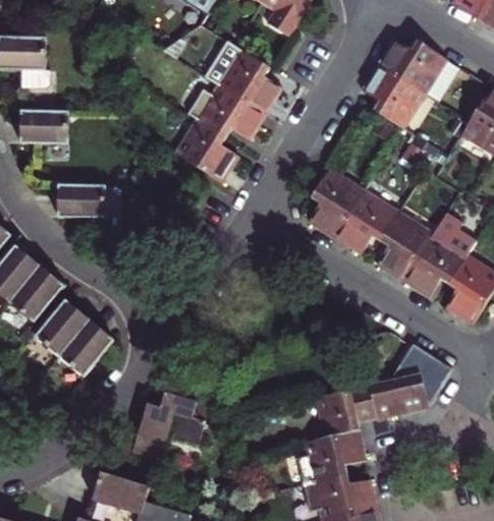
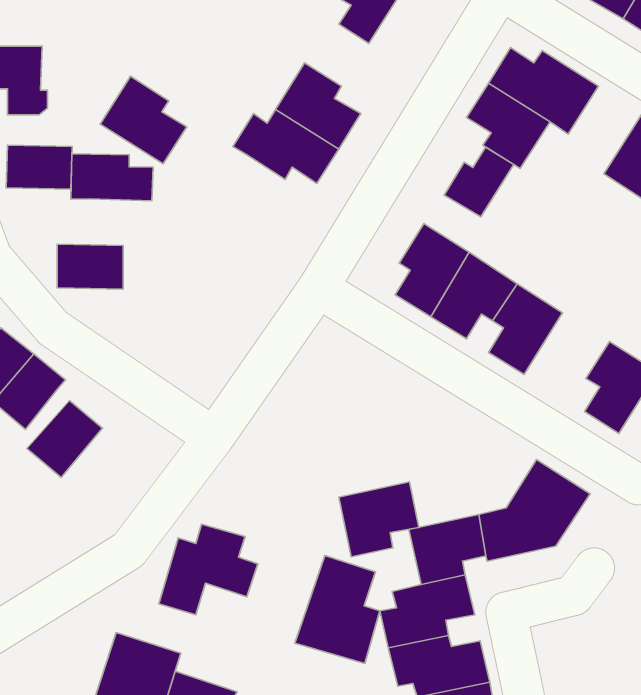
building: none -> [444,147,514,217]
building: none -> [71,154,153,201]
building: [175,117,239,182] -> [100,76,187,164]
building: [403,223,475,296] -> none
building: [60,320,114,375] -> none
building: none -> [339,482,419,557]
building: none -> [295,555,380,664]

